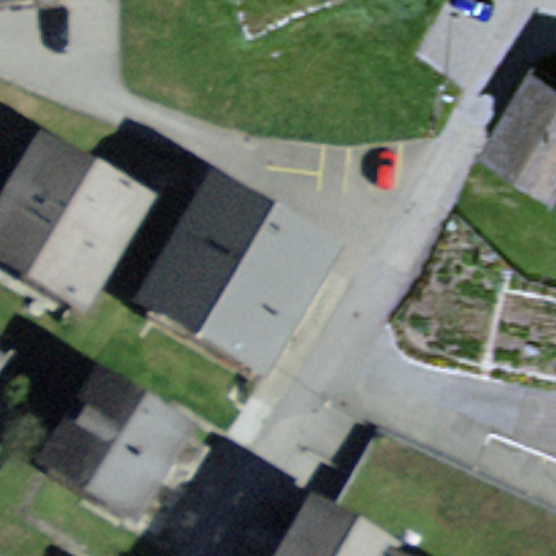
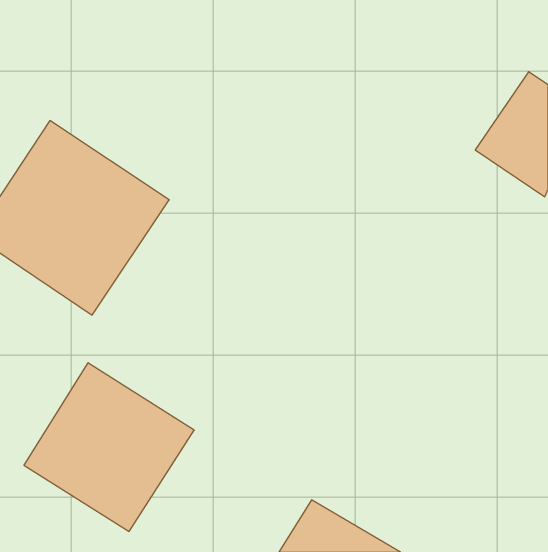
building: [136,170,346,379] -> none

